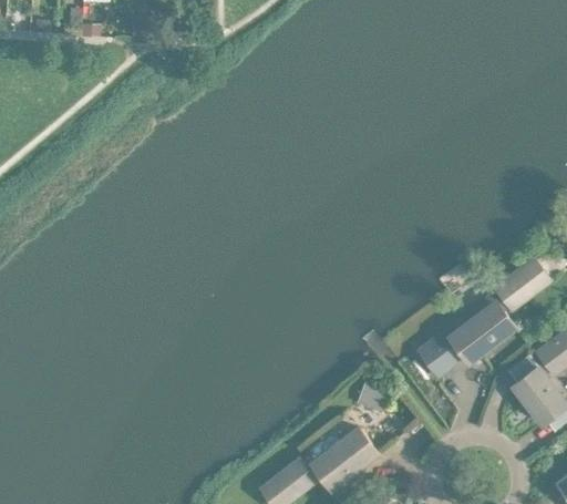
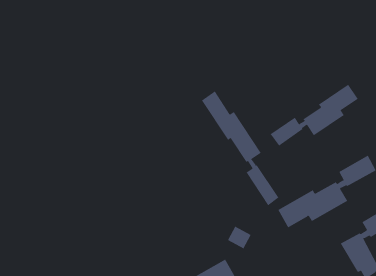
building: none -> [270,84,359,147]
building: none -> [201,91,279,206]

